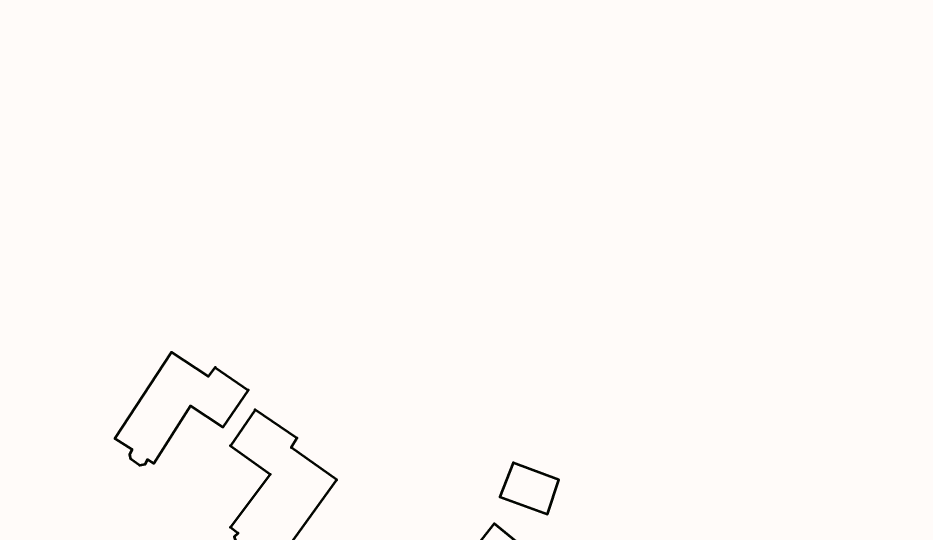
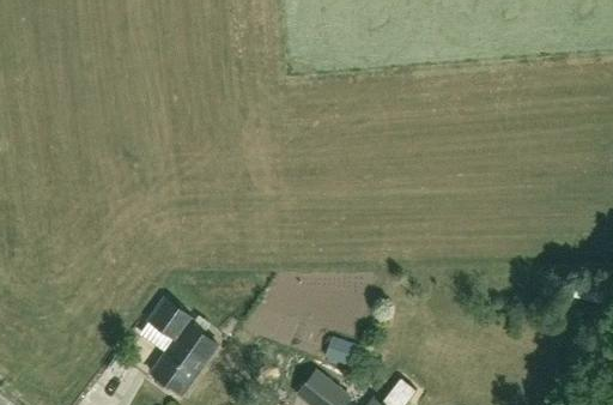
building: [115,352,248,465] -> none

